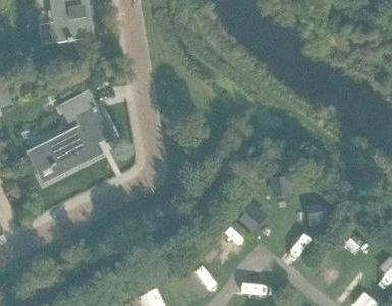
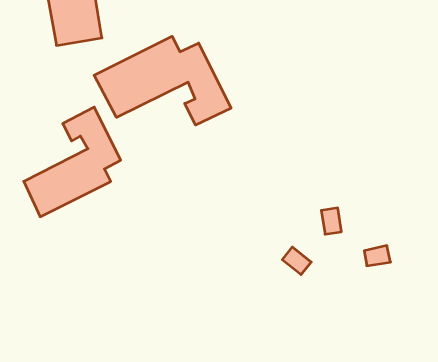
building: none -> [94,36,231,125]

